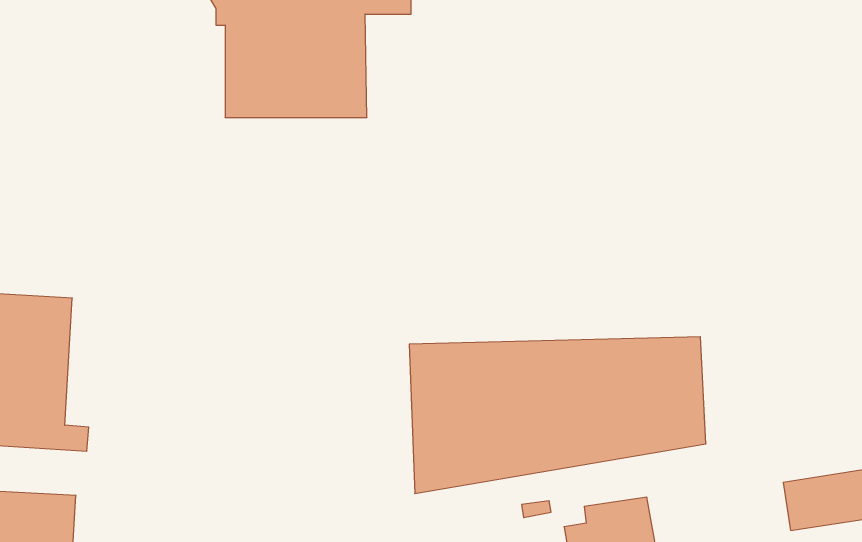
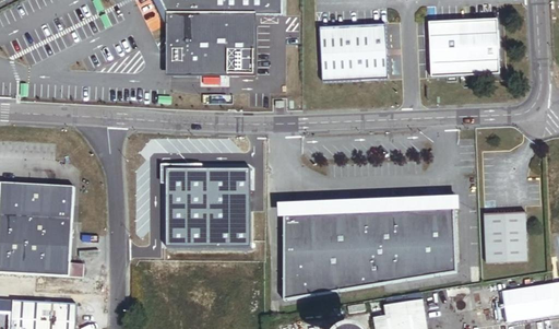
building: none -> [428,19,498,77]
building: none -> [319,24,386,82]
building: none -> [162,164,250,246]
building: none -> [481,212,524,262]

